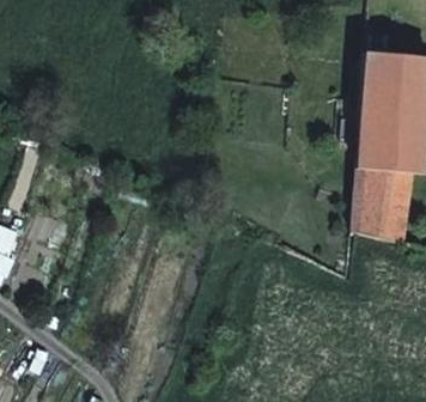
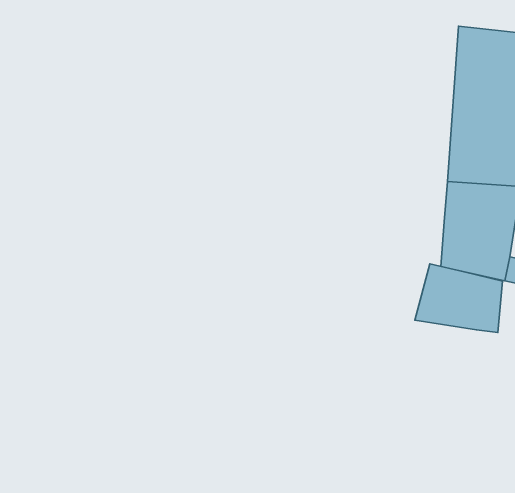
building: none -> [415,264,502,333]

